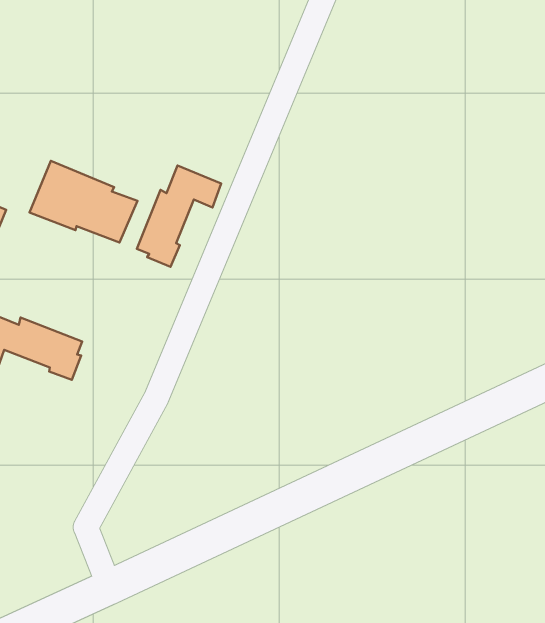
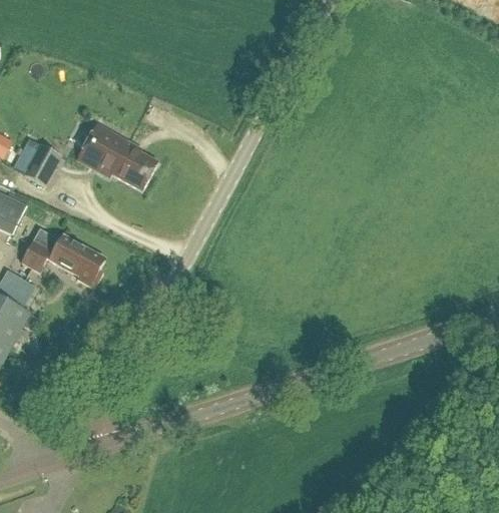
building: [137,166,221,267] -> none

